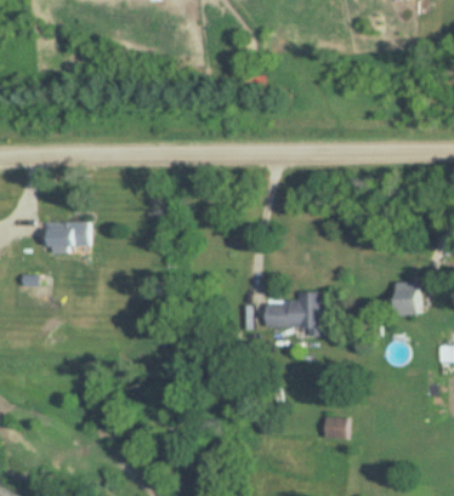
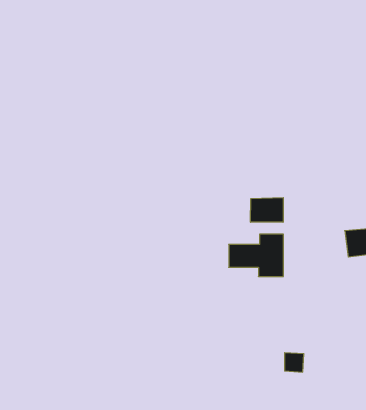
building: [42,221,91,251] -> none
building: none -> [251,198,283,222]

